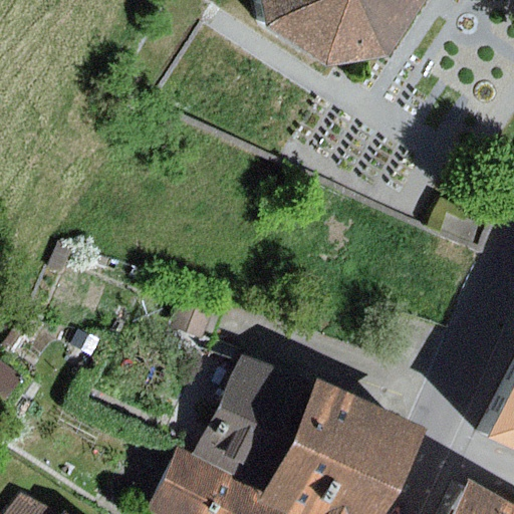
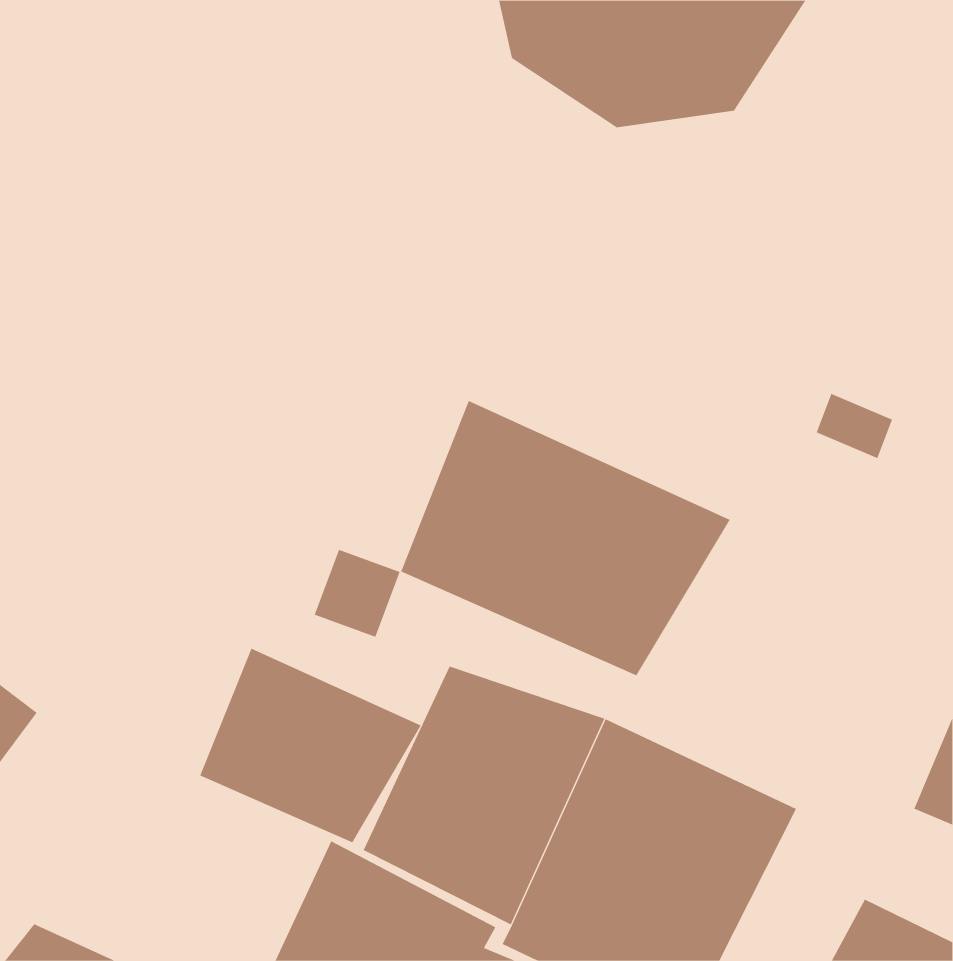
building: none -> [400,400,731,676]
building: none -> [199,648,421,843]

